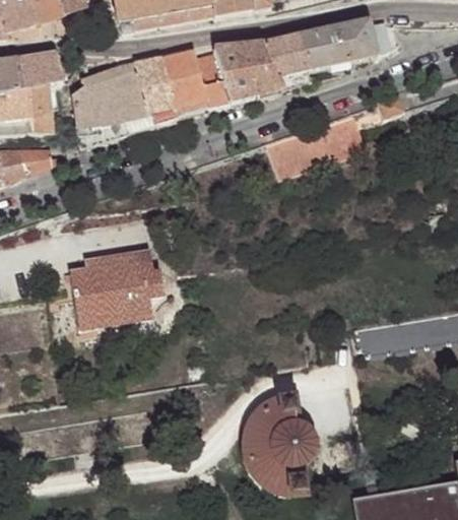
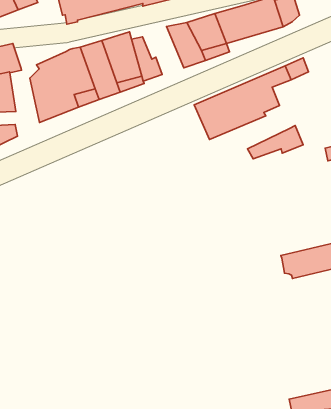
building: [208,46,255,103] -> none
building: none -> [247,126,303,159]
building: [69,247,173,341] -> none
building: [247,396,313,492] -> none

